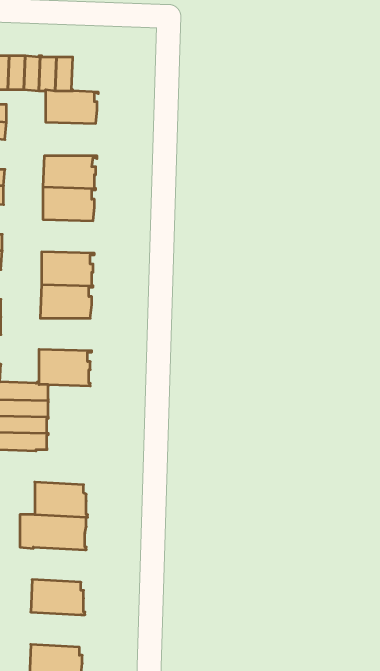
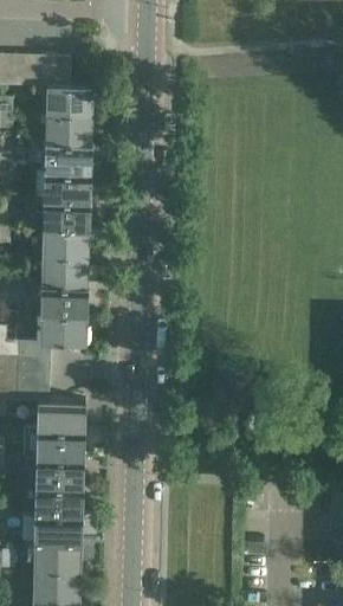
building: none -> [45,114,91,143]
building: none -> [43,199,90,228]
building: none -> [40,285,88,314]
building: none -> [37,400,84,431]
building: none -> [34,485,80,516]
building: none -> [33,542,79,573]

